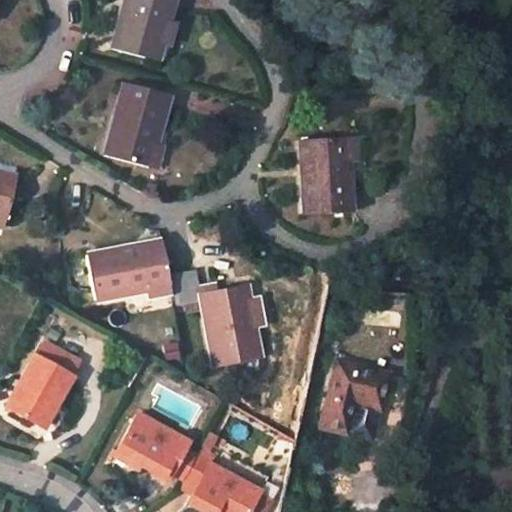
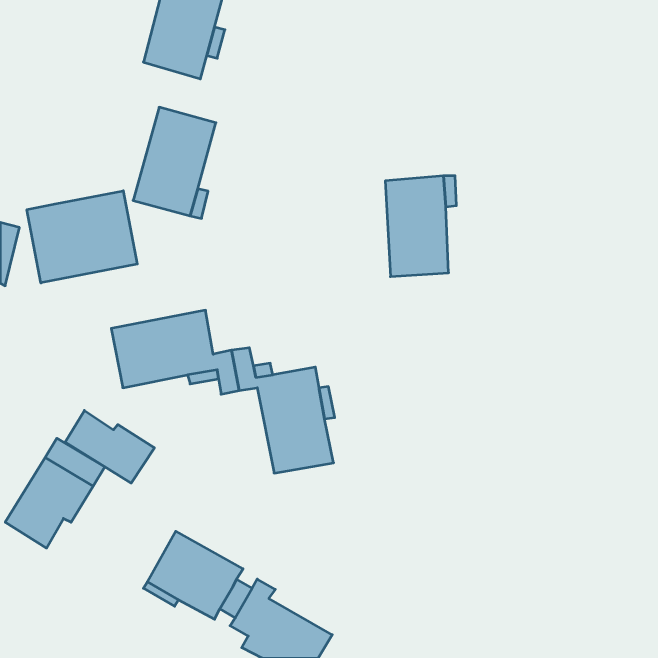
building: none -> [27,191,137,283]
building: none -> [65,410,154,483]
building: [321,361,388,438] -> none

